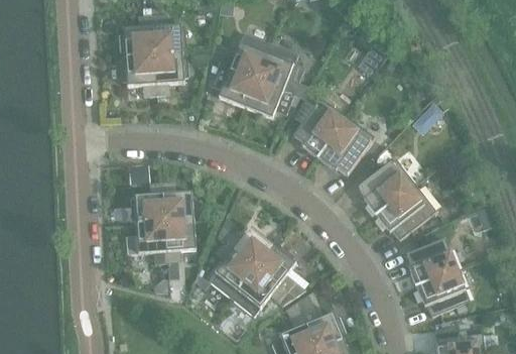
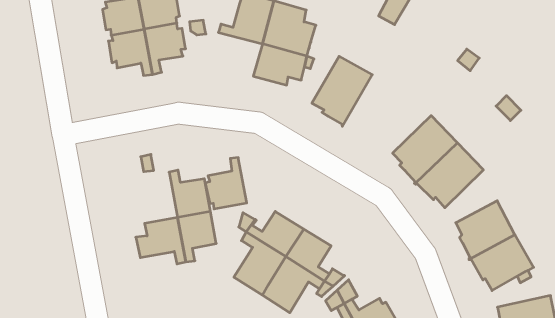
building: [210,66,255,107] -> none
building: [316,117,374,174] -> none
building: [130,183,164,225] -> [205,158,247,209]

